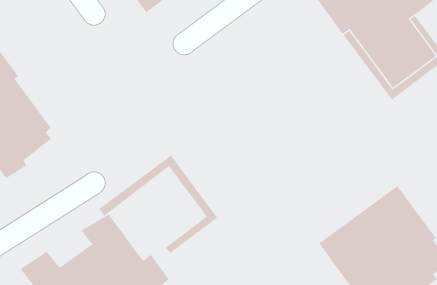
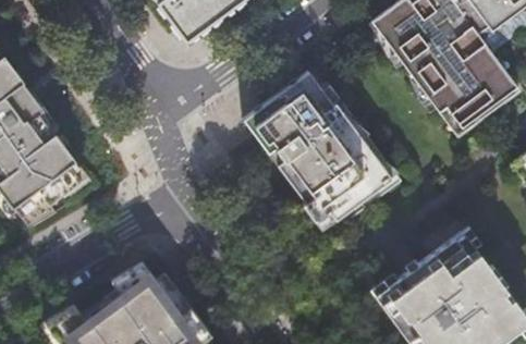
building: none -> [244,71,390,228]
building: [98,154,218,254] -> none

